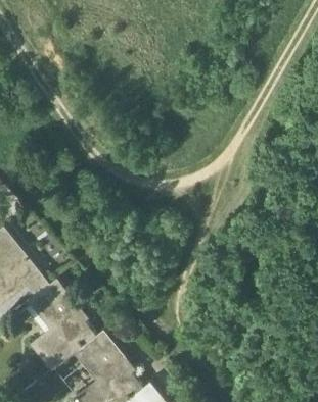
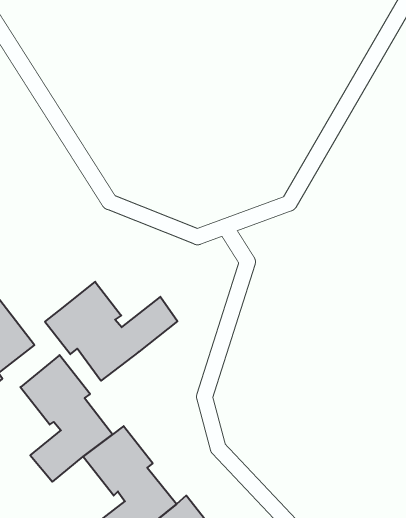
building: none -> [45,282,177,381]

